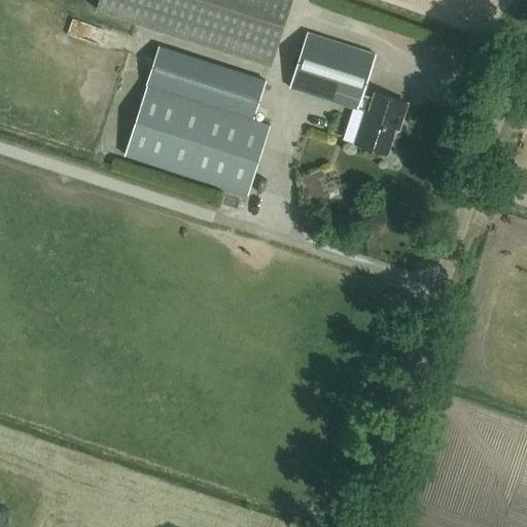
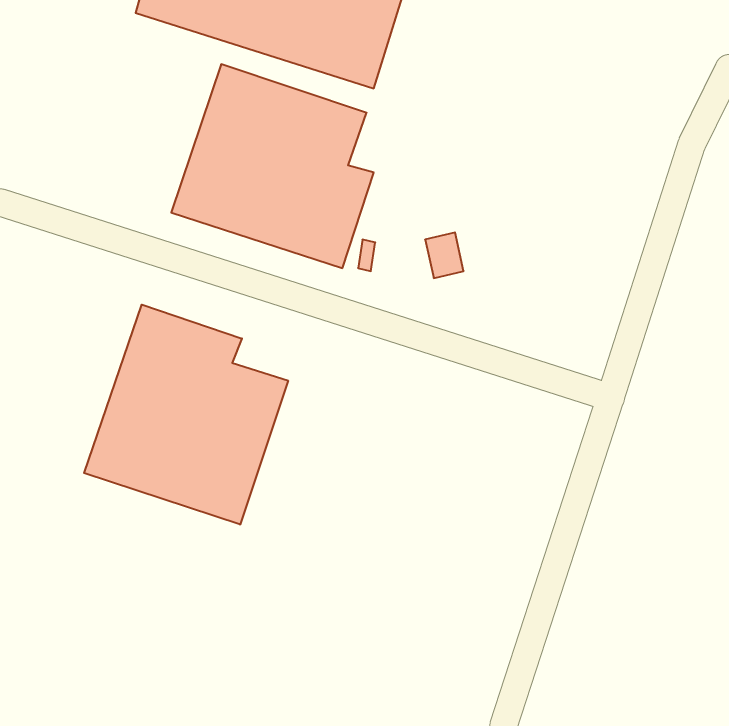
building: [289,32,407,152] -> none
building: none -> [84,305,288,525]

